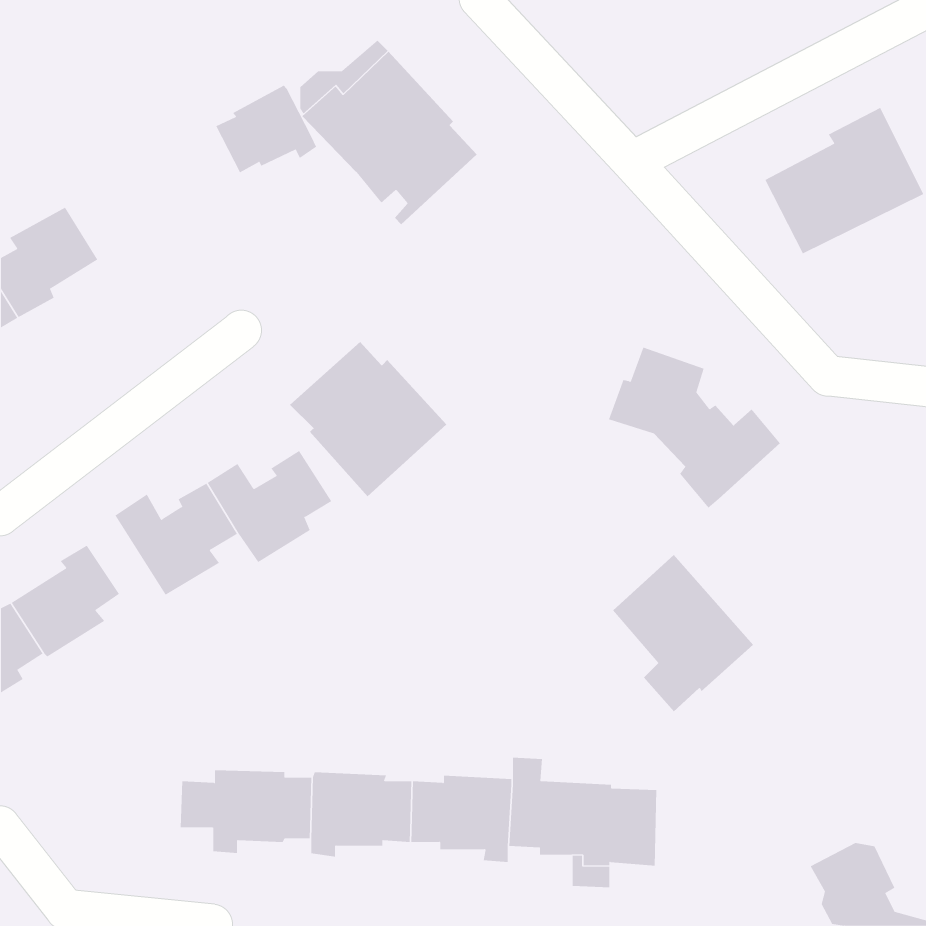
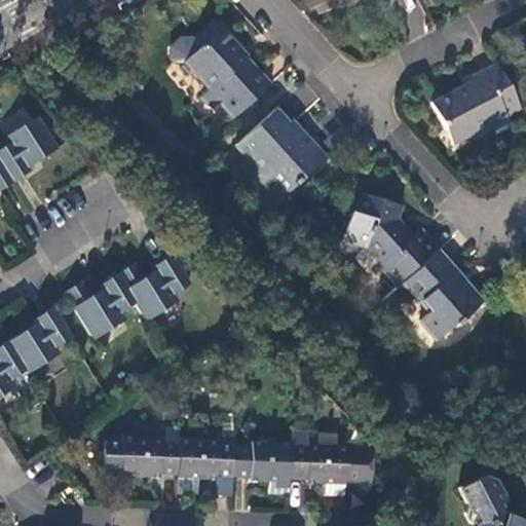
building: [216,85,317,173] -> none
building: [289,341,447,497] -> [236,110,326,198]
building: [612,554,754,712] -> [408,251,488,340]

